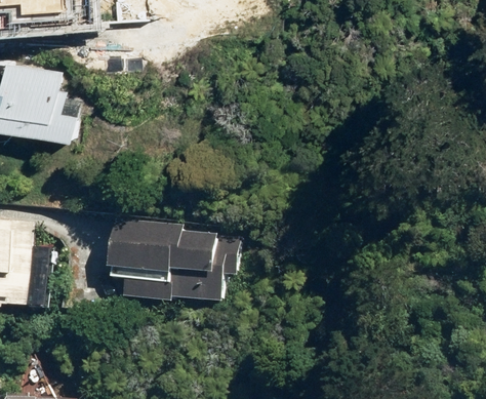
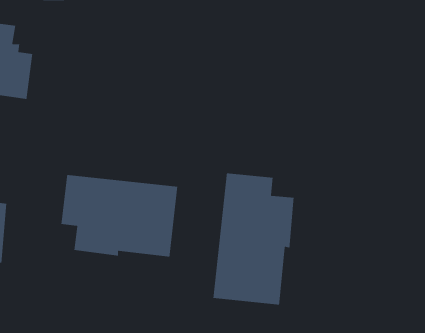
building: none -> [212,173,295,305]

